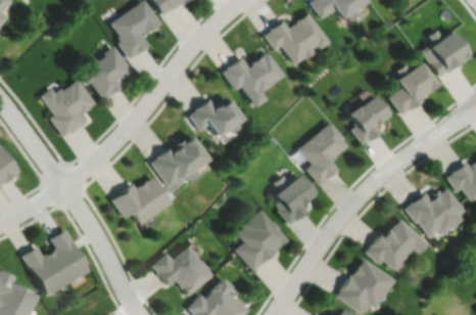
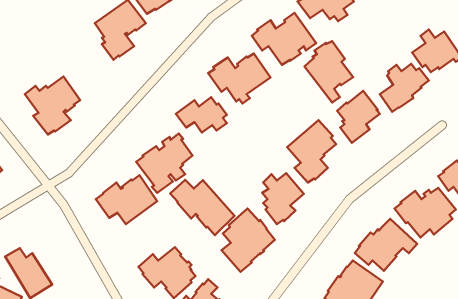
building: none -> [305,41,353,103]
building: [83,47,134,98] -> none
building: none -> [170,180,234,235]
building: [50,228,90,282] -> none

